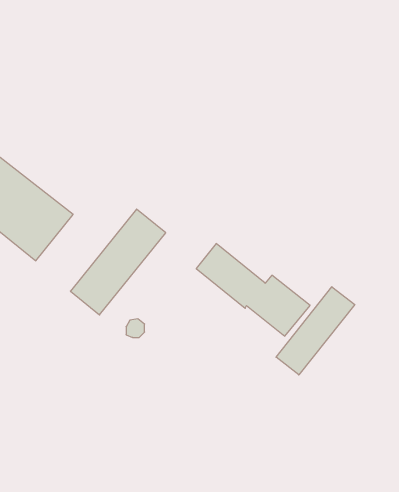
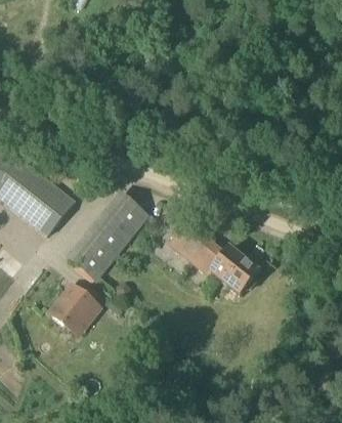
building: [276,287,355,375] -> none
building: none -> [47,282,103,338]

